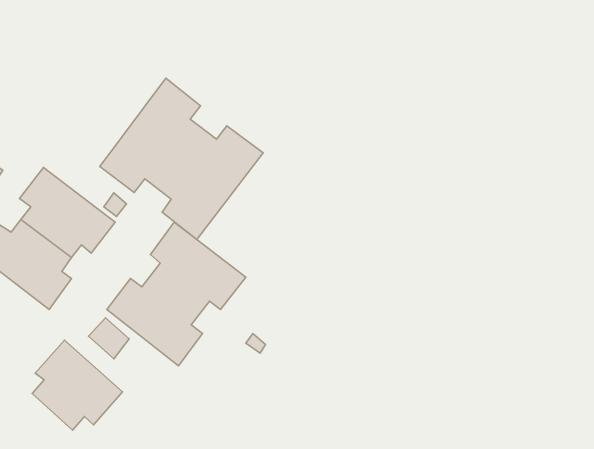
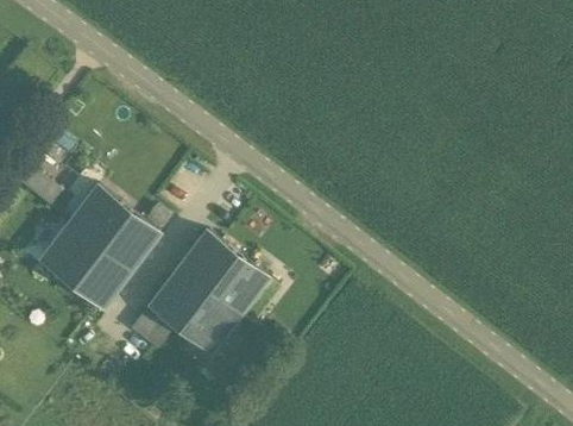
building: [100,78,263,240] -> none
building: [32,340,122,430] -> none

